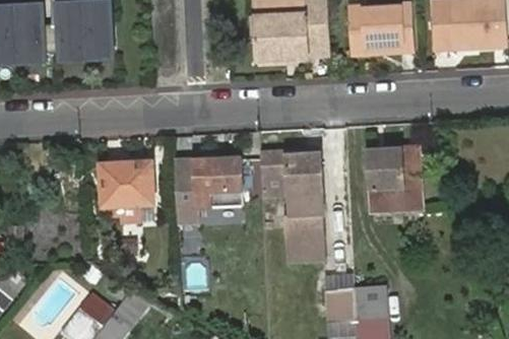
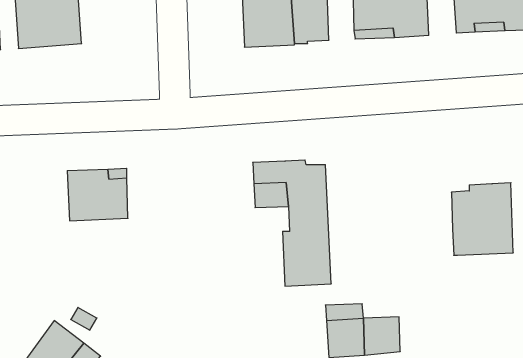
building: [369,149,422,211] -> [451,183,513,255]
building: [174,158,244,222] -> none

